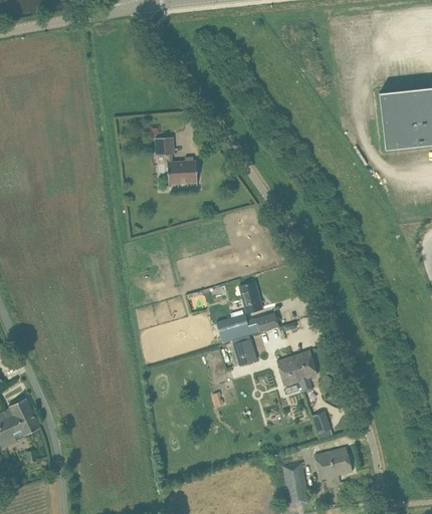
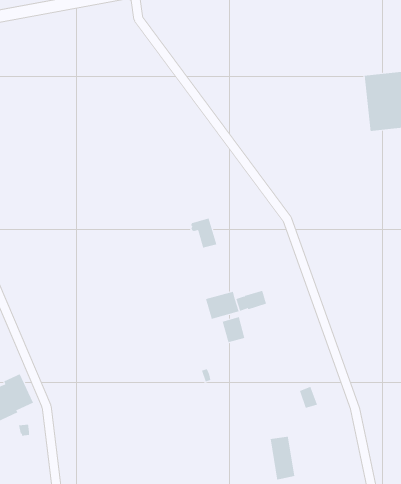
building: [154,137,197,183] -> none
building: [235,282,262,313] -> [191,218,217,248]
building: [276,350,316,386] -> none
building: [315,447,353,484] -> none

